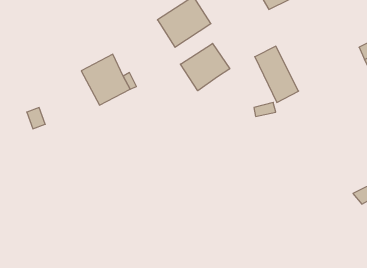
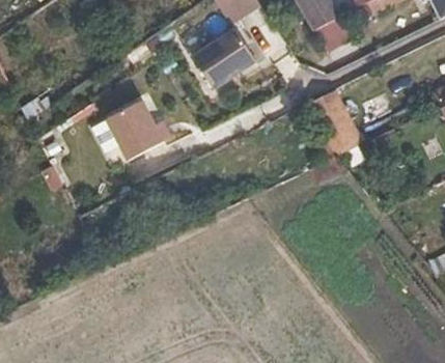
building: [180,43,230,91] -> none

